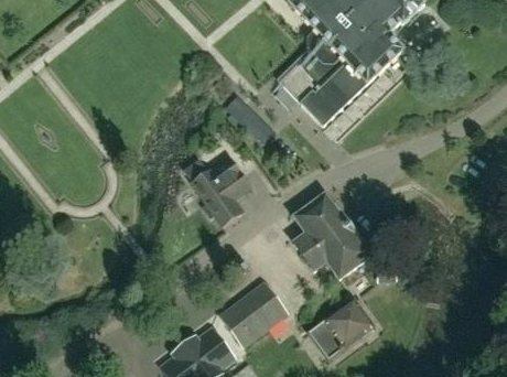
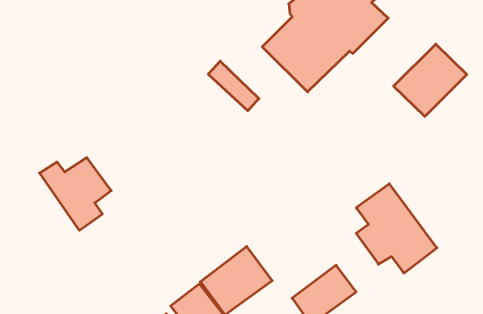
building: none -> [394,44,467,116]
building: [180,155,251,228] -> [39,158,111,230]
building: [290,193,370,282] -> [356,184,437,273]

